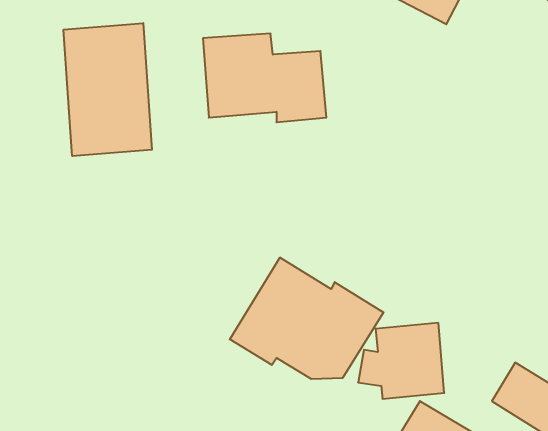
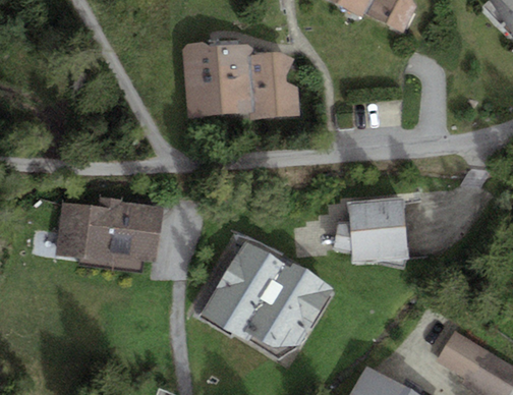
building: [64,23,152,156] -> none
building: none -> [56,196,164,262]
building: [358,323,444,399] -> [335,196,410,263]

